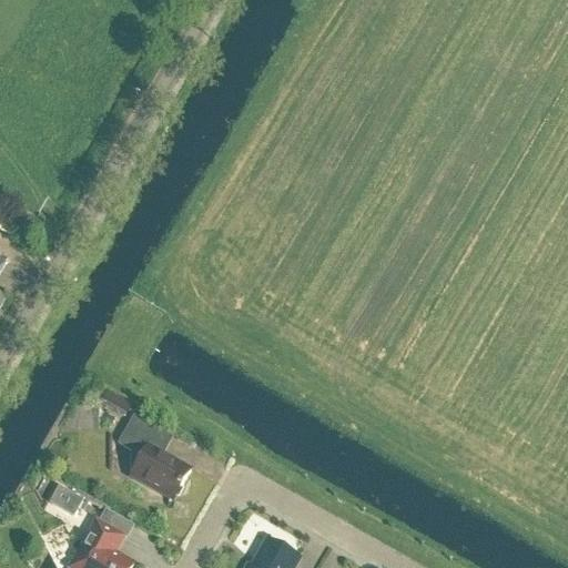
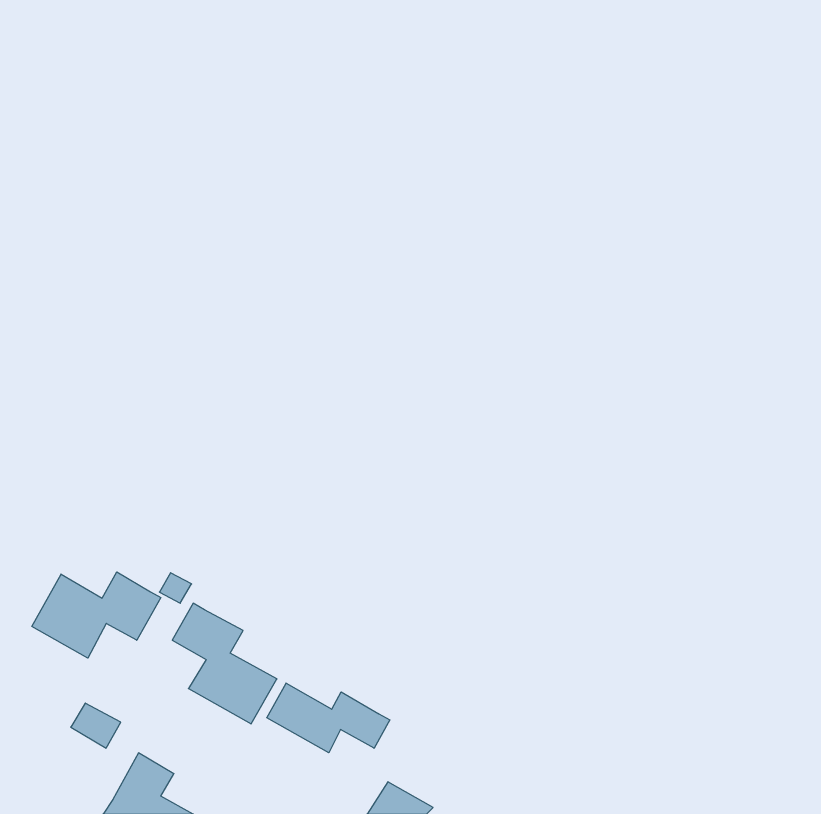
building: none -> [32,572,161,658]
building: none -> [267,683,390,753]

